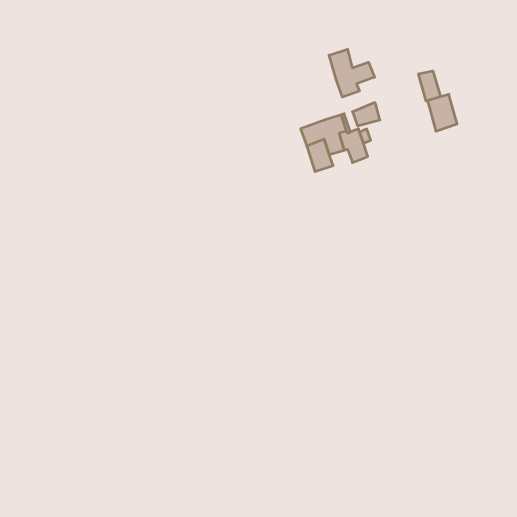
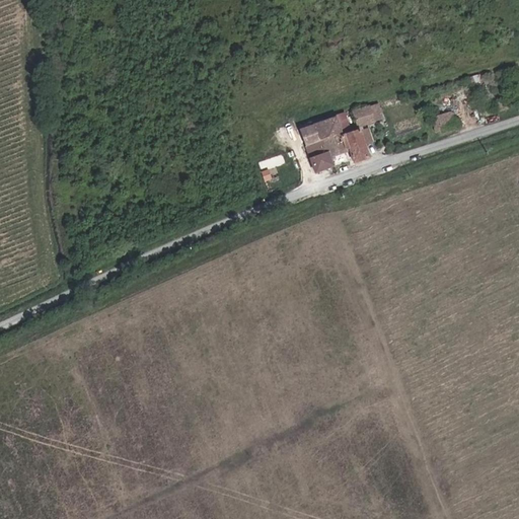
building: [329,49,375,97] -> none
building: [419,71,440,101] -> none

